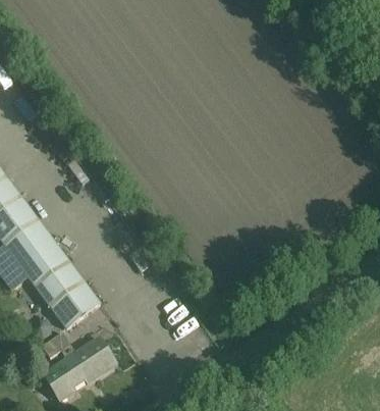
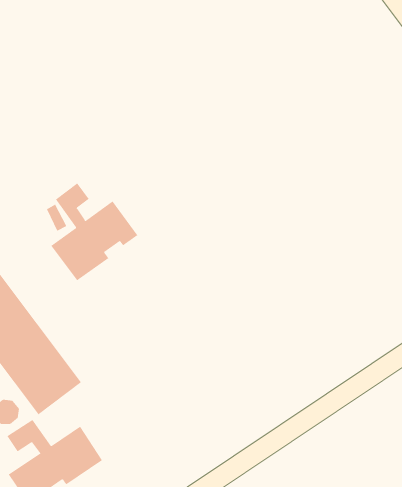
building: none -> [50,182,138,281]

